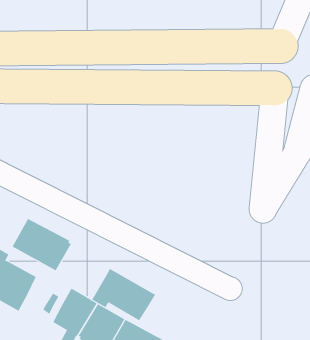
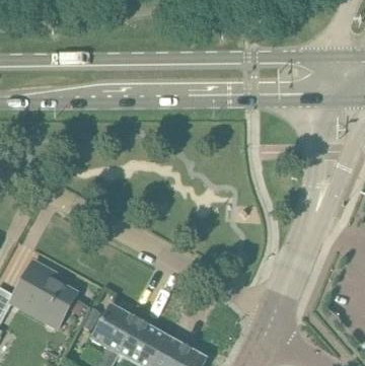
building: [12,218,71,271] -> none
building: [91,269,156,321] -> none

